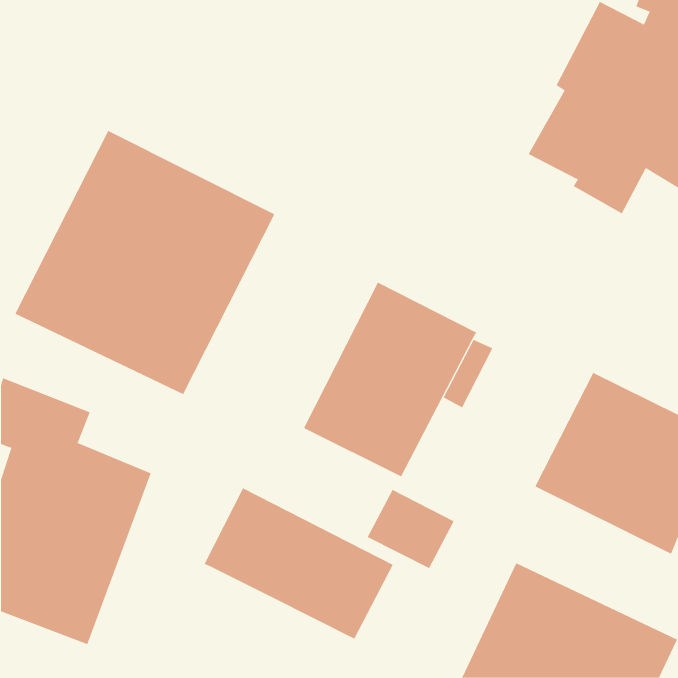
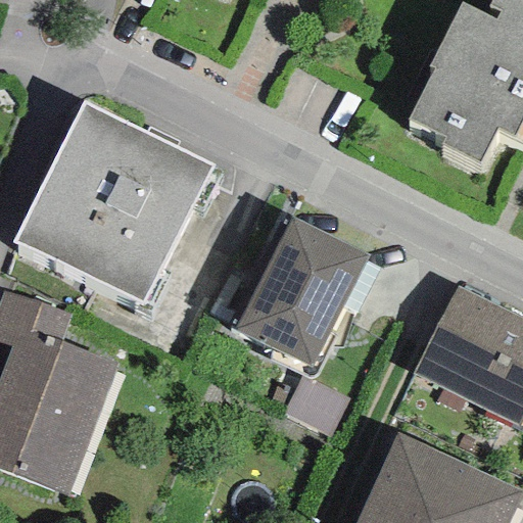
building: [204,488,394,639] -> none

